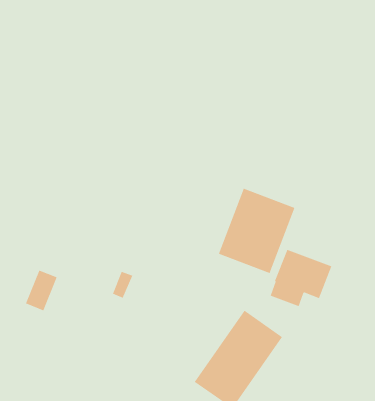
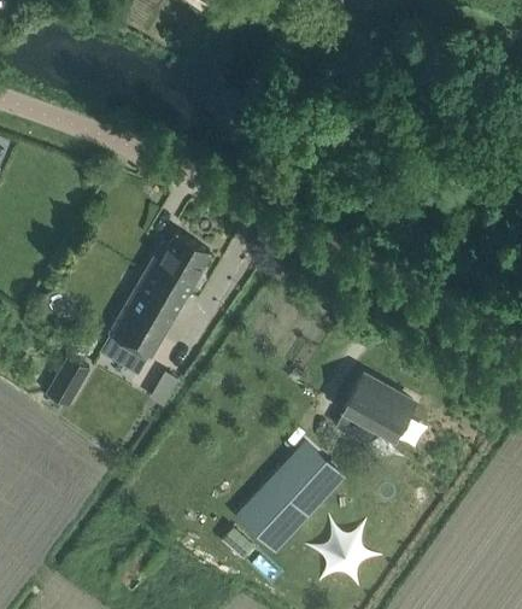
building: none -> [101,234,211,375]
building: [218,188,295,274] -> none

